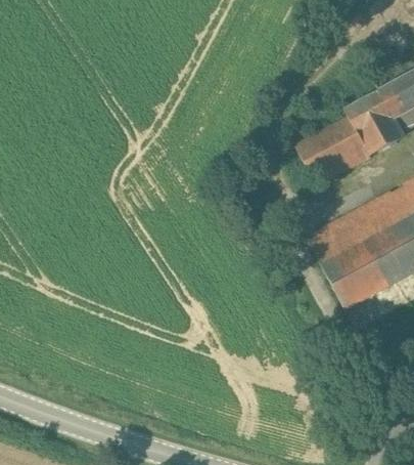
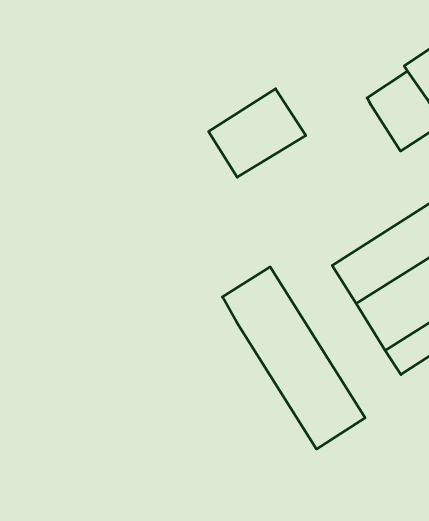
building: [295,114,369,178] -> [209,89,306,177]
building: none -> [222,267,365,449]

